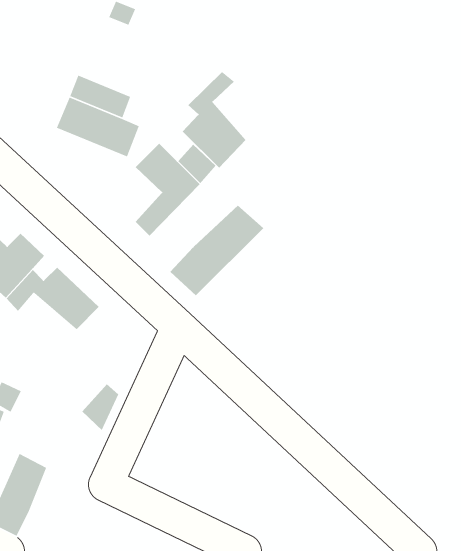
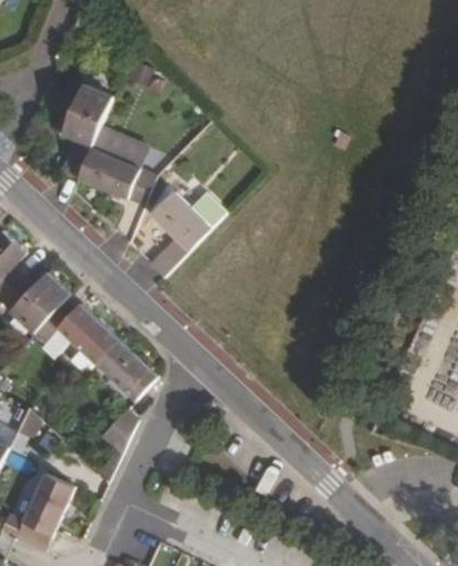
building: none -> [61,82,111,177]
building: [182,71,247,169] -> none
building: [169,205,264,296] -> none
building: none -> [97,340,156,398]

